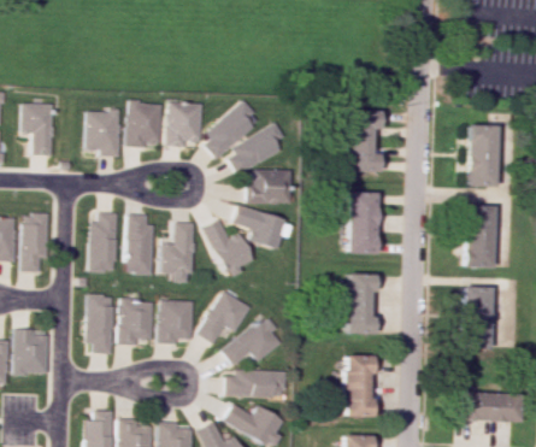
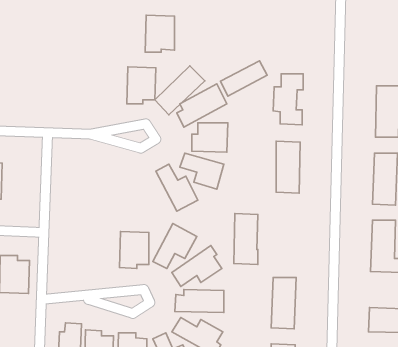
building: none -> [221,61,267,96]
building: [129,101,164,146] -> [145,15,174,52]
building: [25,102,58,154] -> none
building: [88,110,124,155] -> none
building: [92,211,119,271] -> none
building: [24,212,49,271] -> none
building: [128,213,155,274] -> none
building: [163,222,195,282] -> none
building: [344,272,373,334] -> [234,213,258,265]
building: [89,293,117,353] -> none
building: [120,299,157,345] -> none

